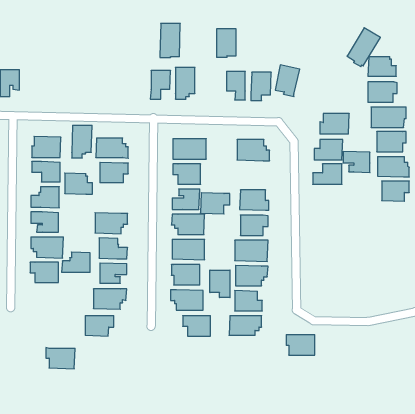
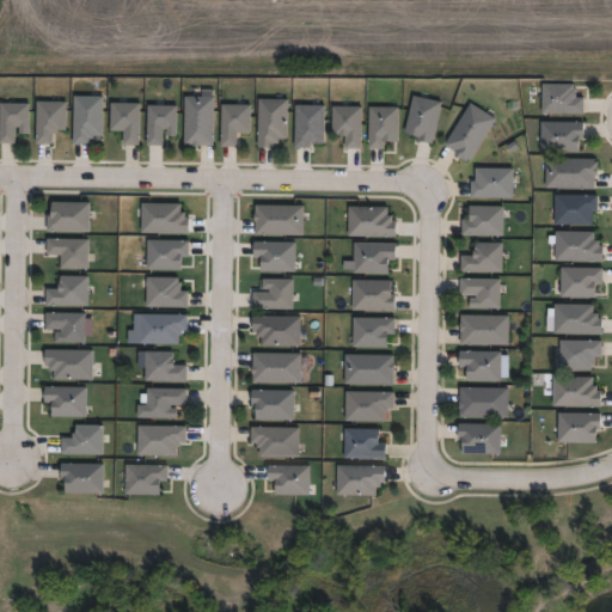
building: [160,23,180,57] -> [184,96,214,146]
building: [347,28,380,67] -> [446,103,495,160]
building: [217,29,236,57] -> [295,104,324,146]
building: none -> [37,102,66,142]
building: none -> [110,102,140,145]
building: none -> [148,105,177,145]
building: [72,125,92,158] -> [73,96,103,143]
building: [343,152,370,173] -> [461,277,501,308]
building: [65,173,92,194] -> [147,276,188,307]
building: [200,193,230,214] -> [354,241,397,273]
building: none -> [555,304,602,333]
building: none -> [460,314,509,344]
building: none -> [561,339,602,369]
building: none -> [459,350,501,381]
building: [62,252,90,272] -> [61,424,103,454]
building: none -> [553,377,601,406]
building: none -> [460,387,508,417]
building: [210,270,230,298] -> none
building: none -> [558,412,601,442]
building: [286,335,315,355] -> [459,423,501,453]
building: [46,348,75,369] -> [61,463,104,494]

